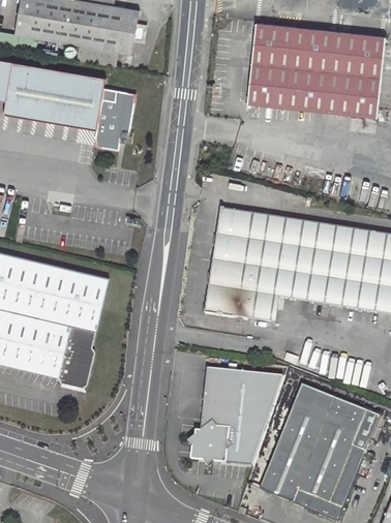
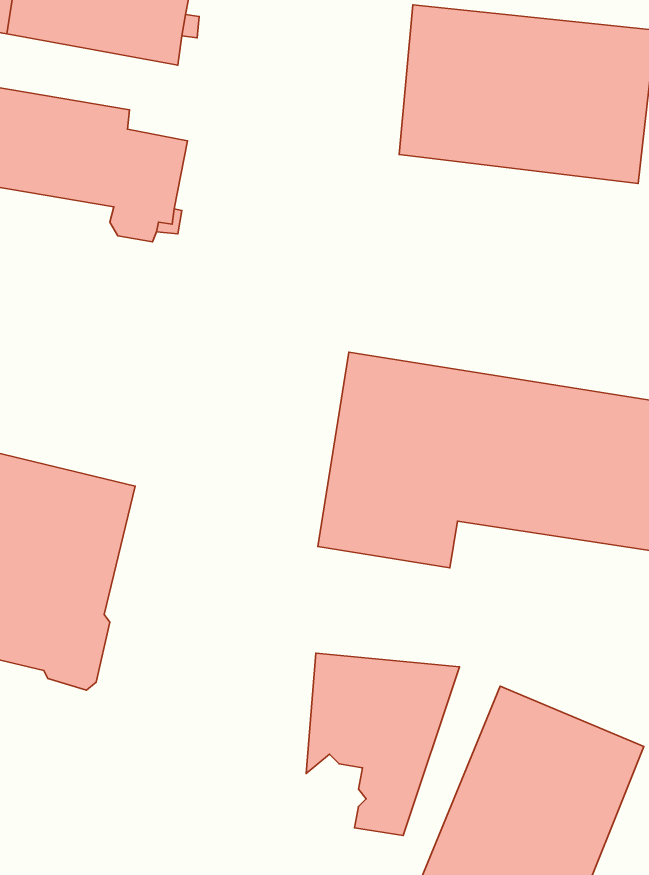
building: [187,421,231,463] -> none

